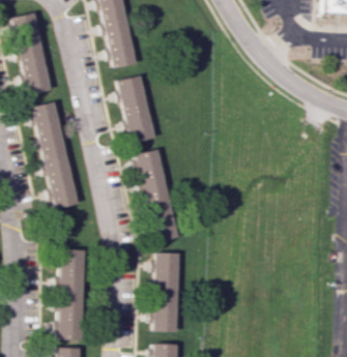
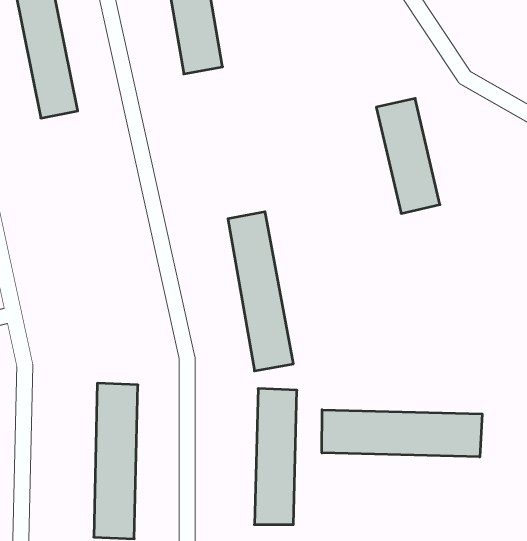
building: [117,76,154,143] -> [376,98,440,213]
building: [33,101,77,209] -> none
building: none -> [322,410,482,457]

